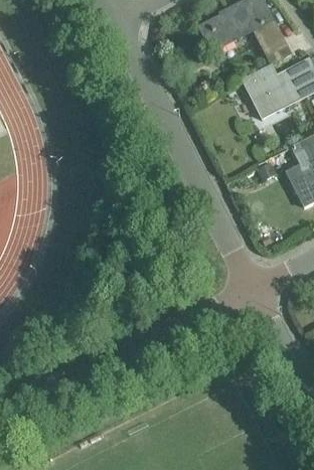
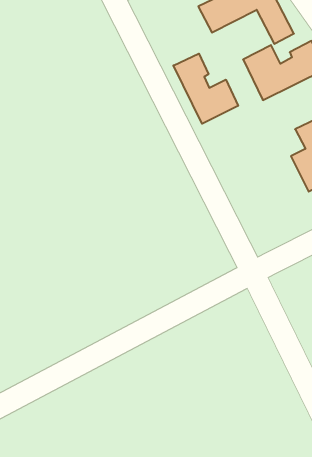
building: none -> [173,54,238,124]

